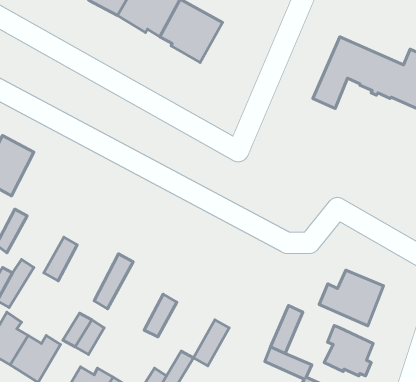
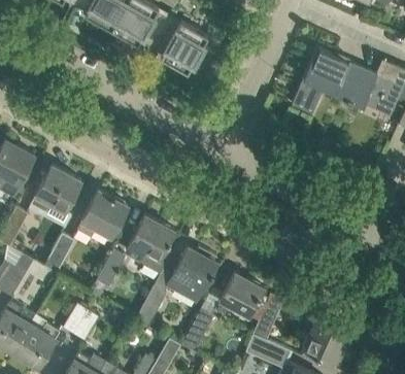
building: none -> [30,165,80,213]
building: none -> [76,190,128,237]
building: none -> [125,214,174,273]
building: none -> [166,246,217,302]
building: [319,270,384,326] -> none
building: none -> [214,272,264,316]

